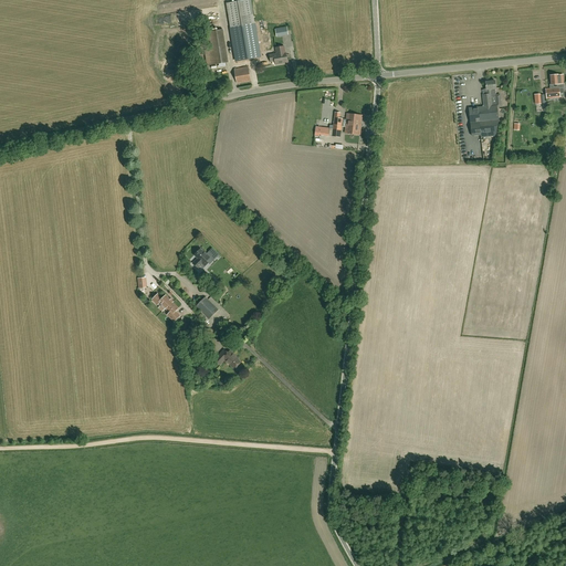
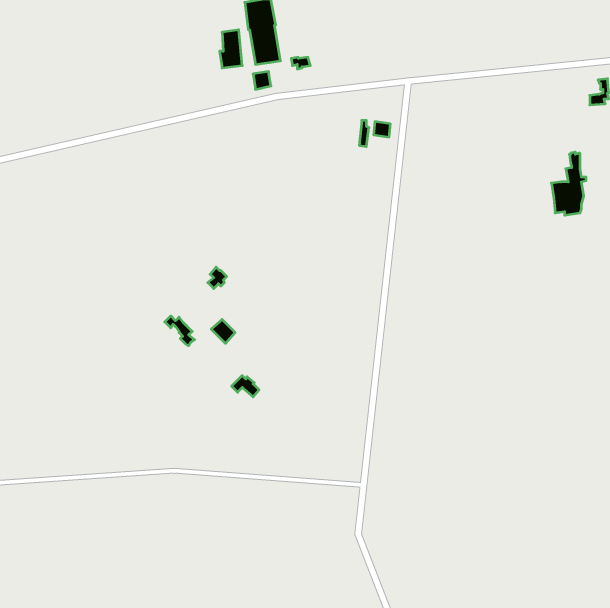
building: [469,78,501,137] -> [551,152,586,215]

